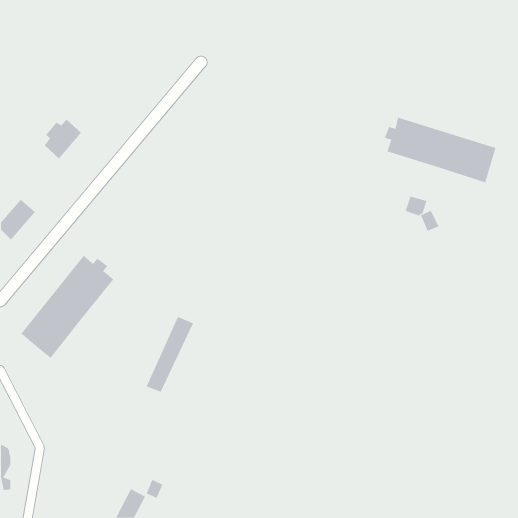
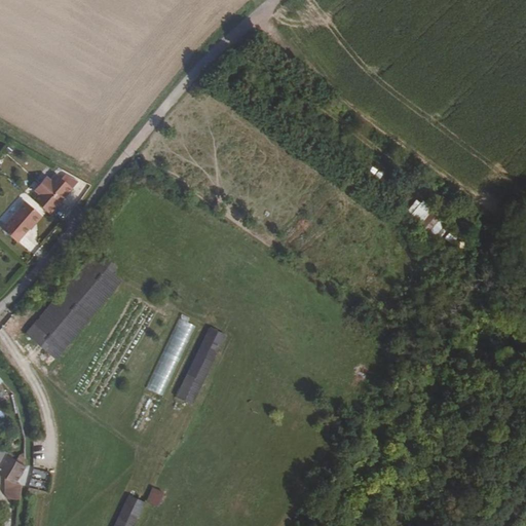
building: [384,117,496,183] -> none
building: [44,119,82,159] -> [33,174,71,215]
building: none -> [175,328,223,406]

